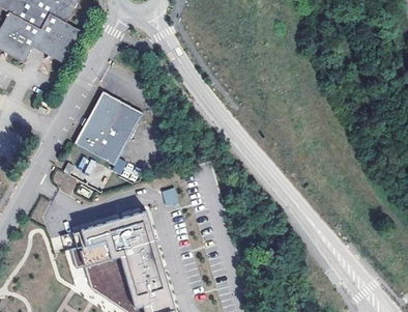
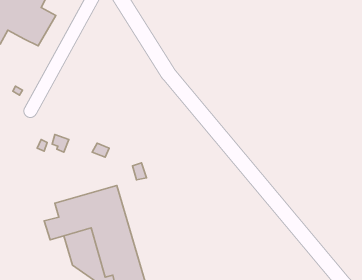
building: [74,91,142,165] -> none

